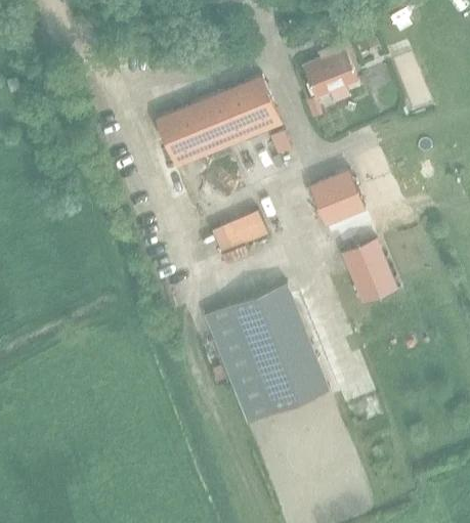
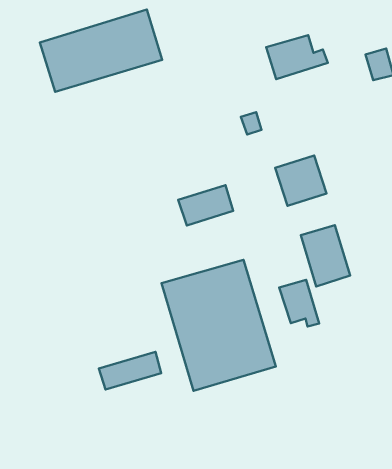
building: [156,76,283,169] -> [40,10,162,92]
building: none -> [279,280,319,327]
building: none -> [99,352,161,389]

